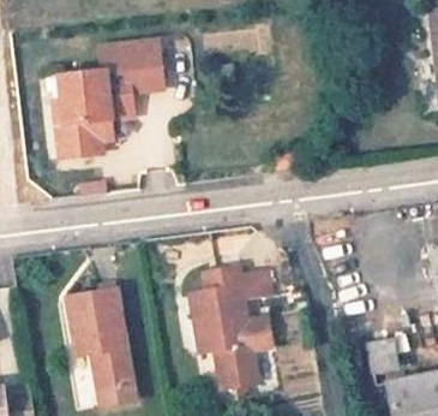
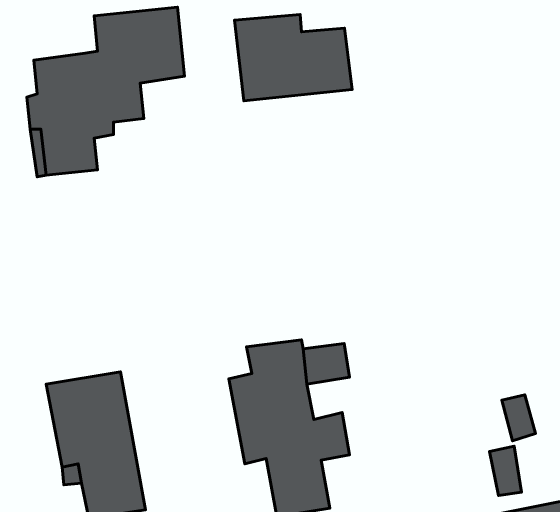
building: none -> [235,14,352,101]

